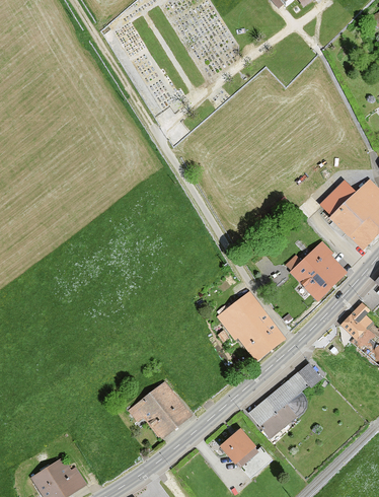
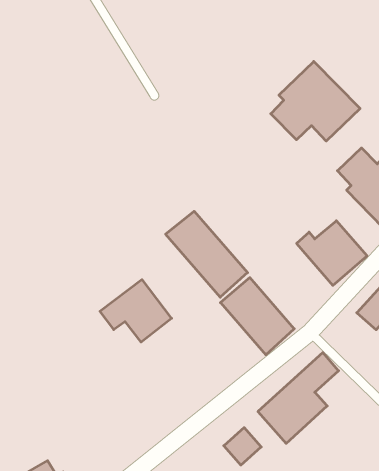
building: none -> [271,61,360,141]
building: none -> [166,211,248,297]
building: [127,382,191,438] -> [100,280,172,342]

